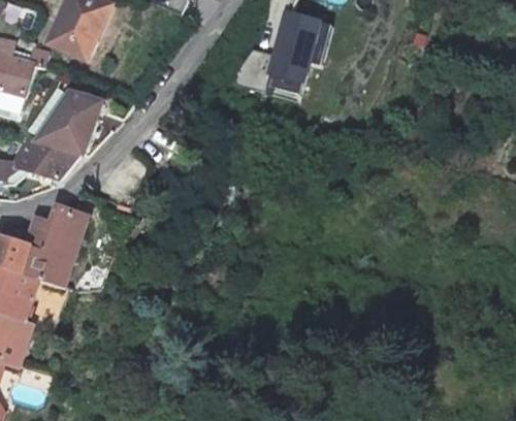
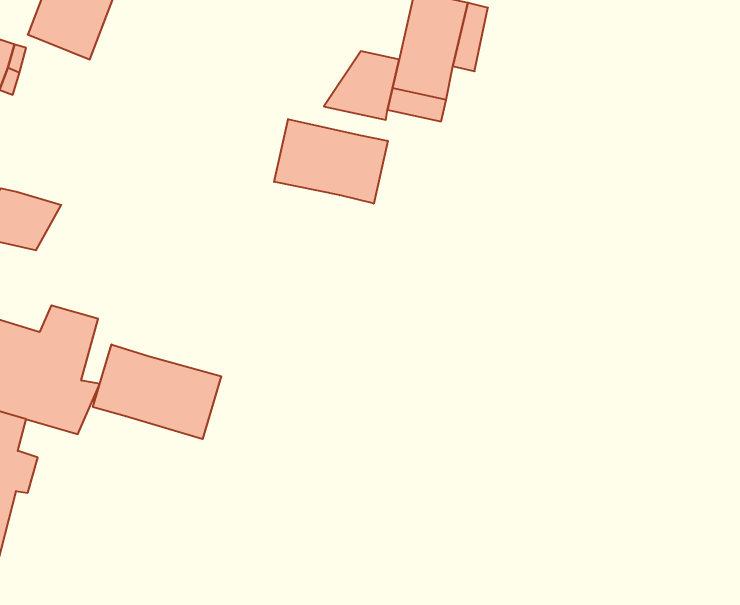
building: [38,88,91,150] -> none
building: none -> [274,119,388,204]
building: none -> [93,344,221,439]

